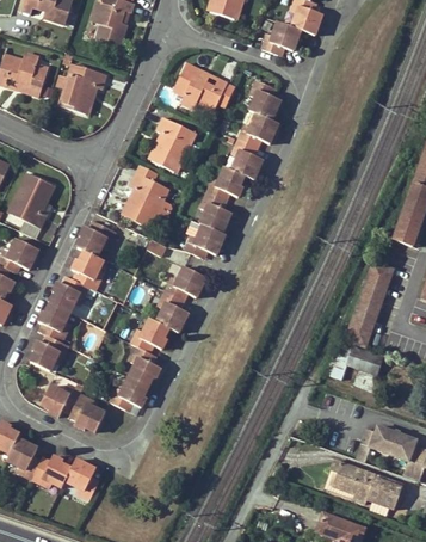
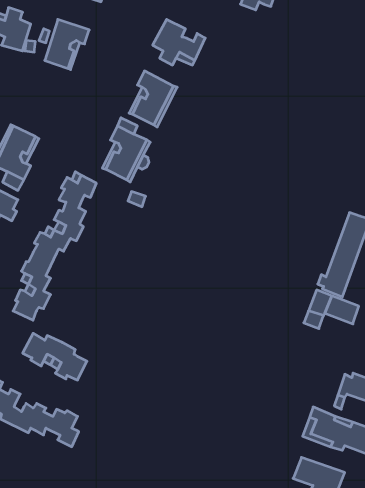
building: [185,79,280,257] -> none
building: [110,266,200,409] -> none

